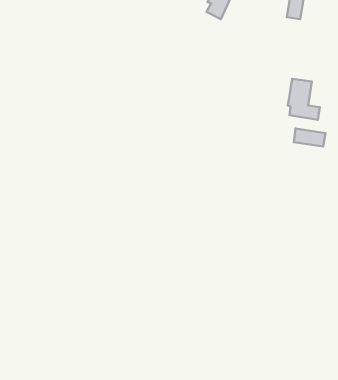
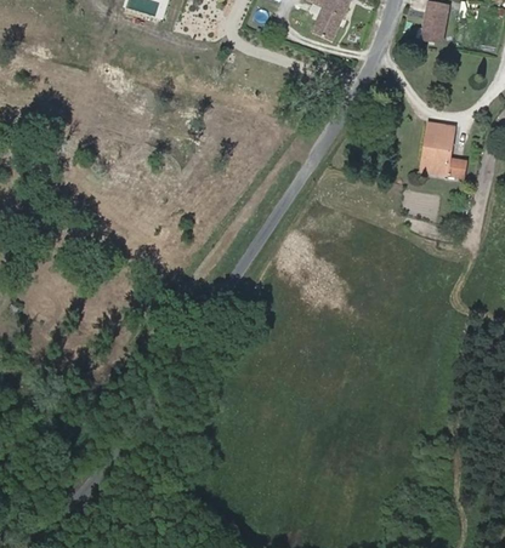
building: [294,128,326,147] -> none

